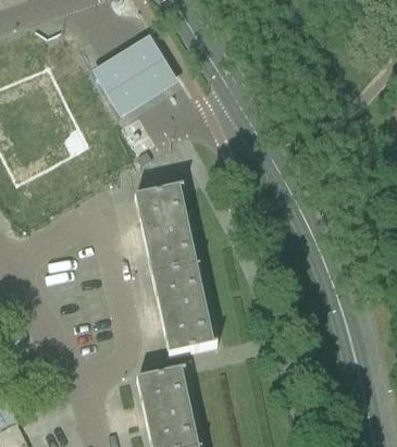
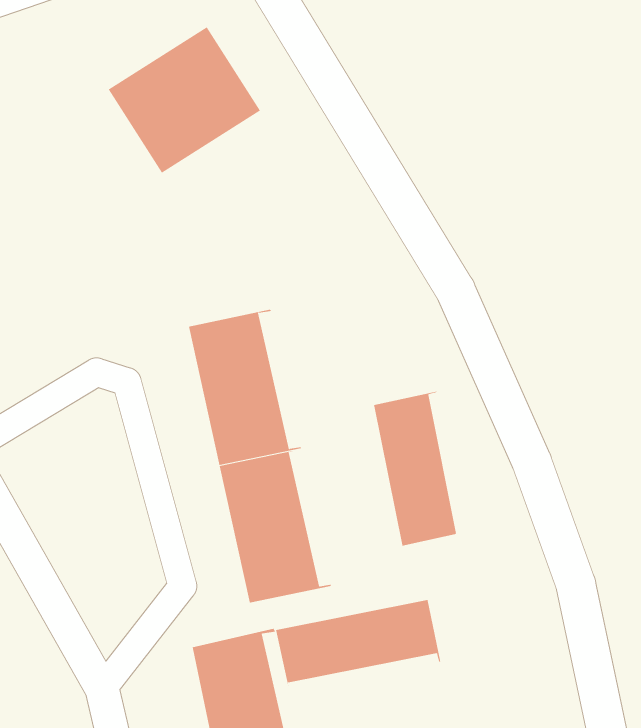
building: none -> [373,391,467,547]
building: none -> [275,599,441,694]

